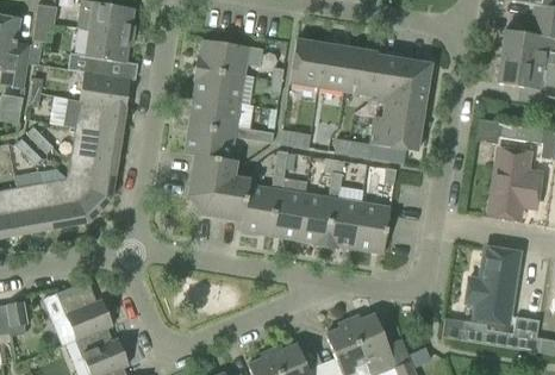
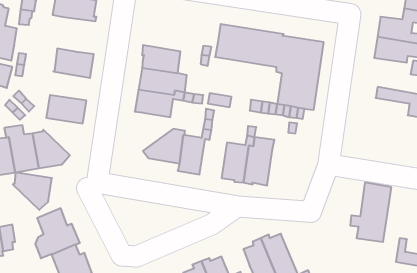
building: [68,30,133,76] -> none
building: [195,39,263,75] -> none
building: [64,98,126,139] -> none
building: [488,148,541,219] -> none
building: [188,155,237,205] -> none
building: [66,162,117,211] -> [13,173,52,210]
building: [269,189,305,240] -> none
building: [357,202,391,254] -> none
building: [461,317,530,350] -> none

